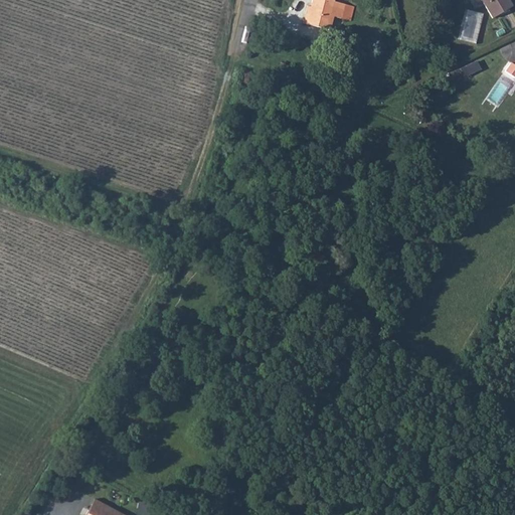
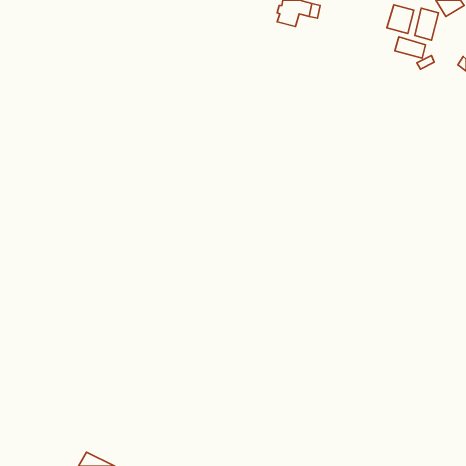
building: none -> [387,5,414,33]
building: none -> [395,37,425,58]

